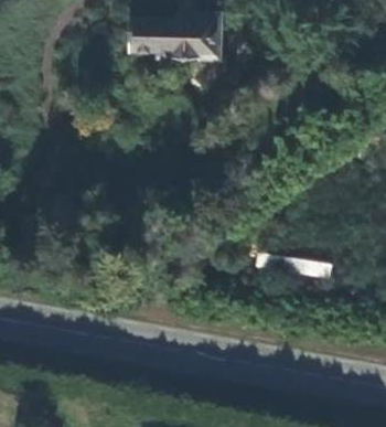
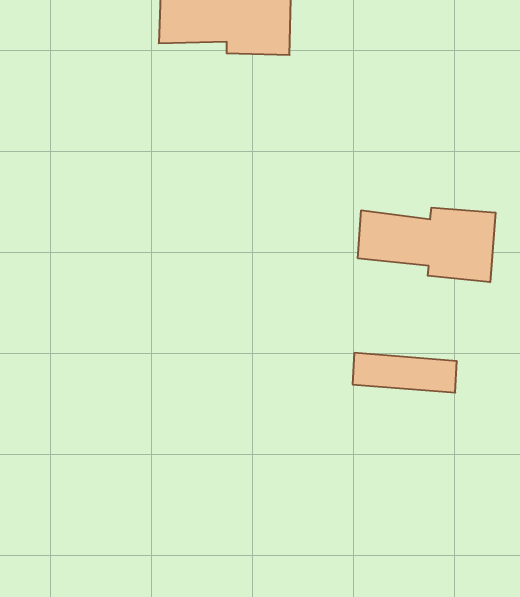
building: none -> [358,208,496,282]

